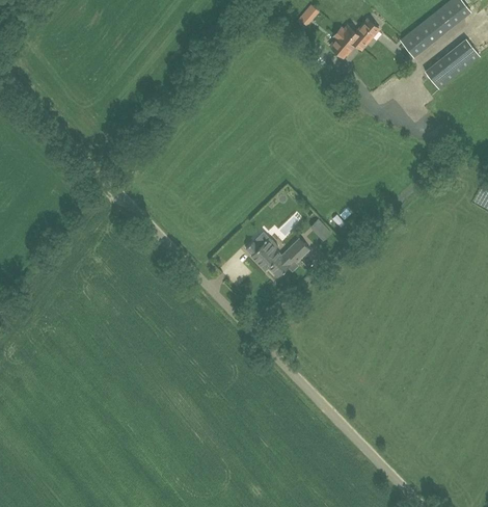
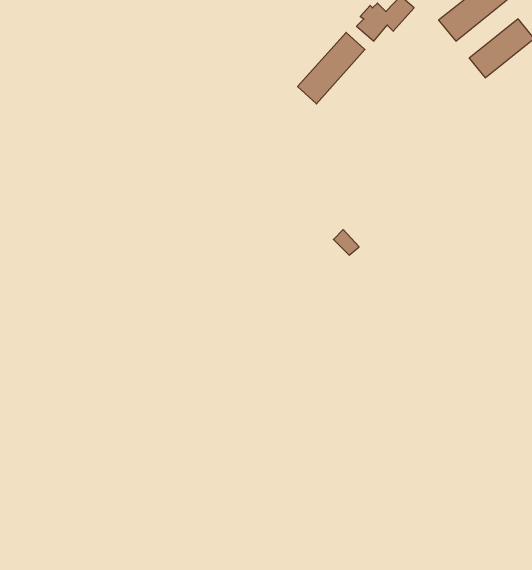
building: none -> [298,32,365,104]
building: [246,237,310,277] -> none

